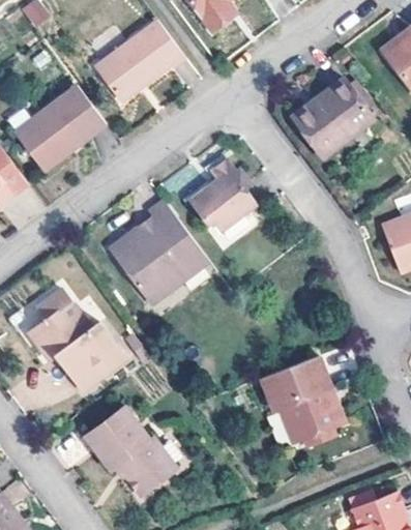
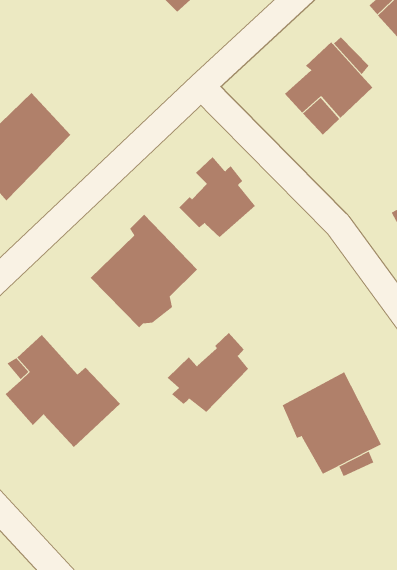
building: [98,19,189,101] -> none
building: none -> [167,332,249,413]
building: [84,406,177,495] -> none

